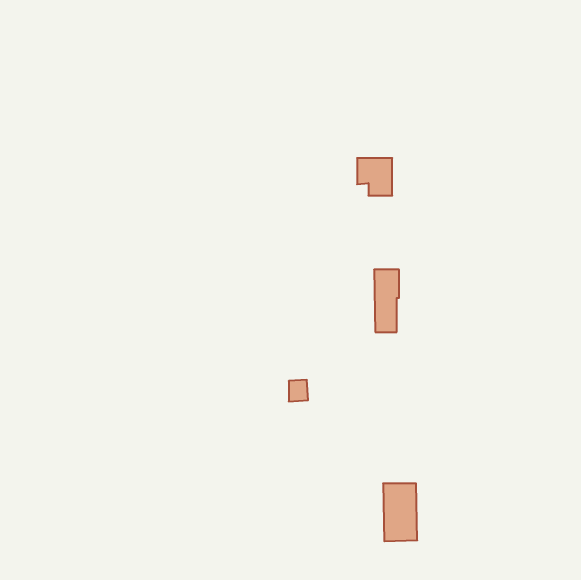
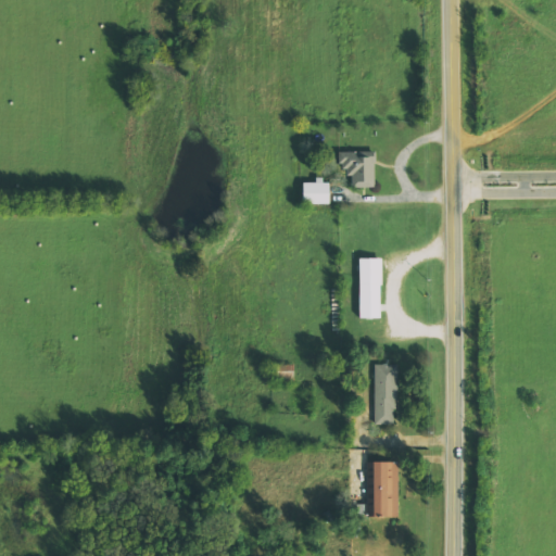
building: none -> [302,179,329,203]
building: none -> [374,364,396,425]

